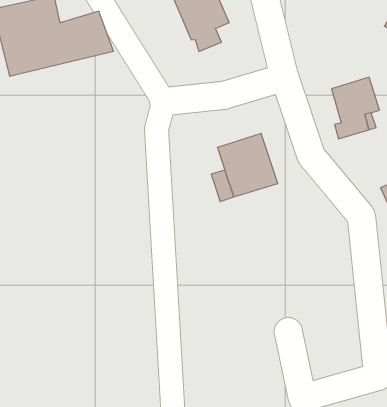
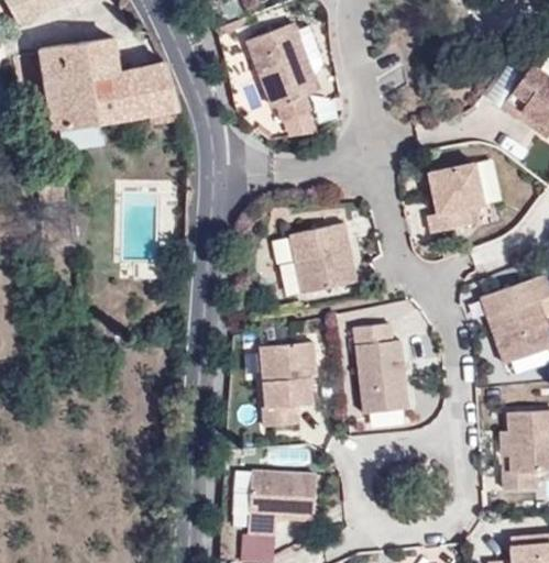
building: none -> [358,327,408,410]
building: none -> [261,339,316,423]
building: none -> [248,468,316,531]

